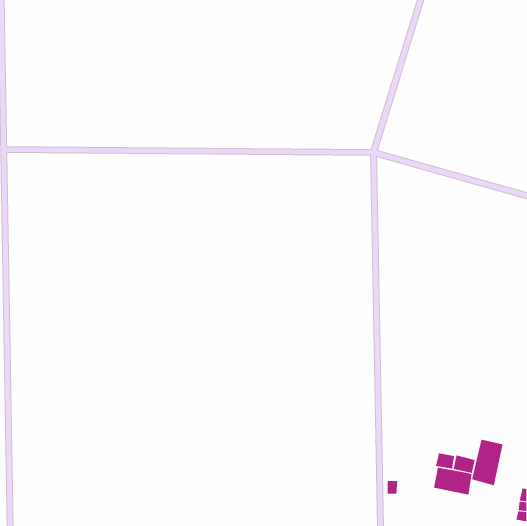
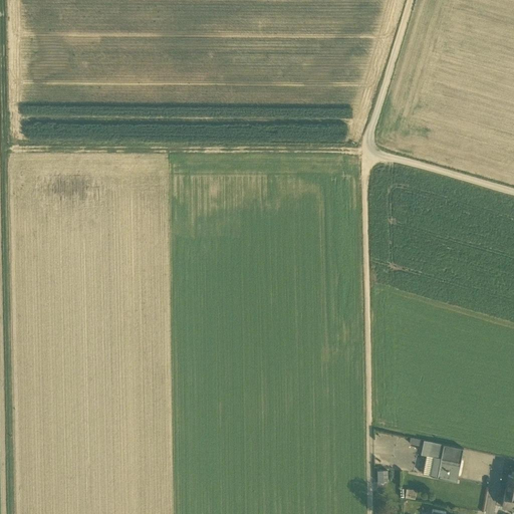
building: [471,439,503,486] -> none

